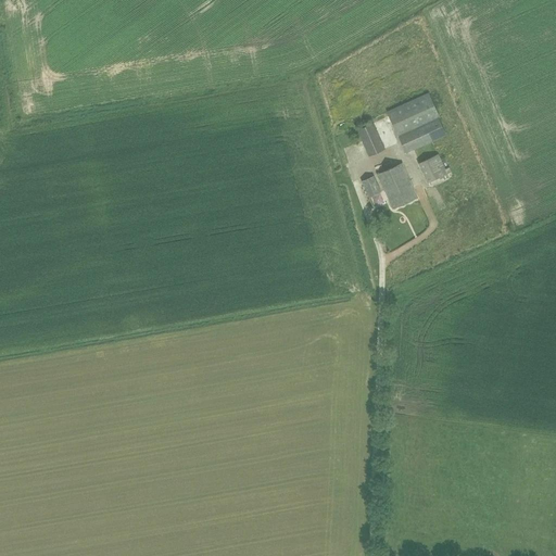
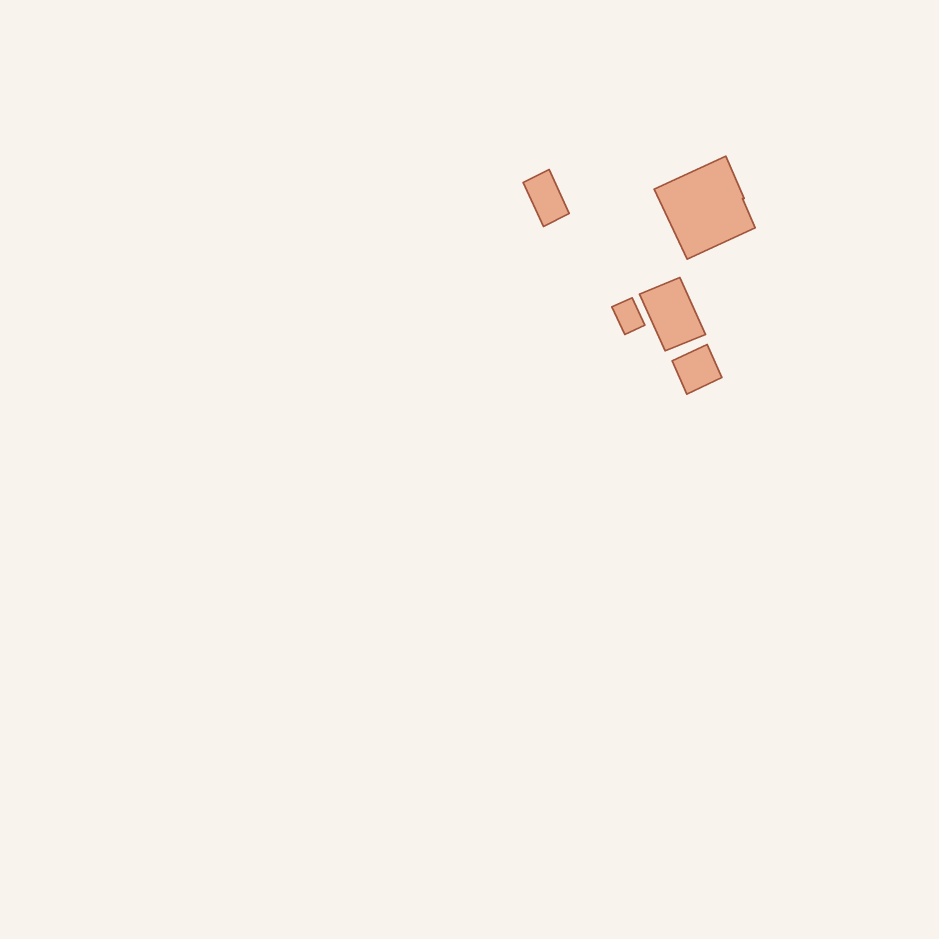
building: [357,123,384,156] -> [523,170,569,226]
building: [418,154,447,184] -> [672,344,722,394]

